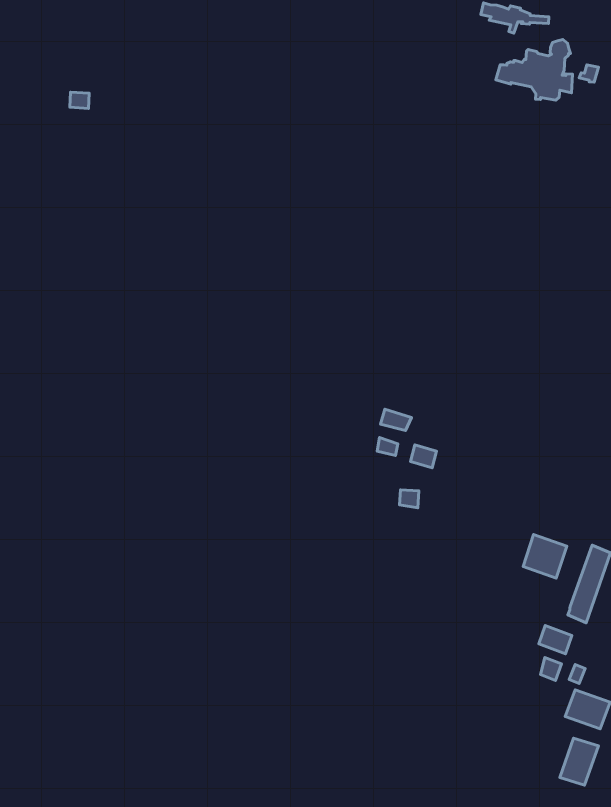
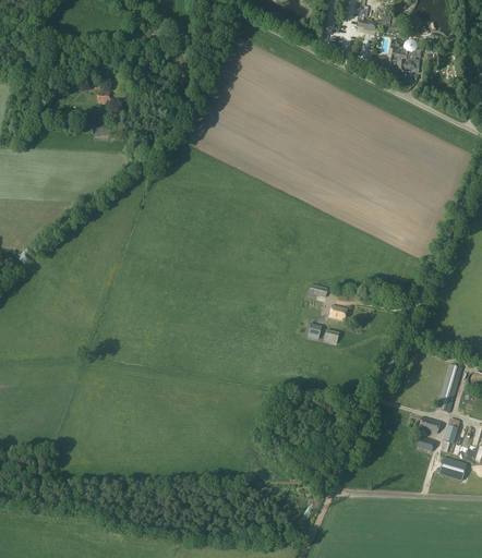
building: [523,535,567,578] -> none
building: [560,738,598,785] -> none

